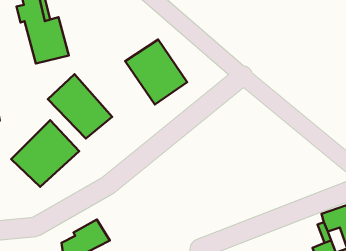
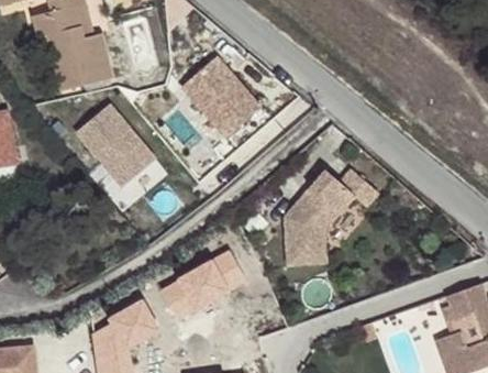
building: [11,120,79,187] -> none
building: none -> [284,169,378,265]
building: none -> [162,262,229,319]

